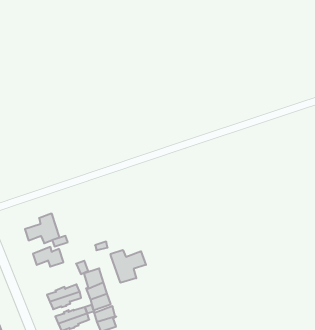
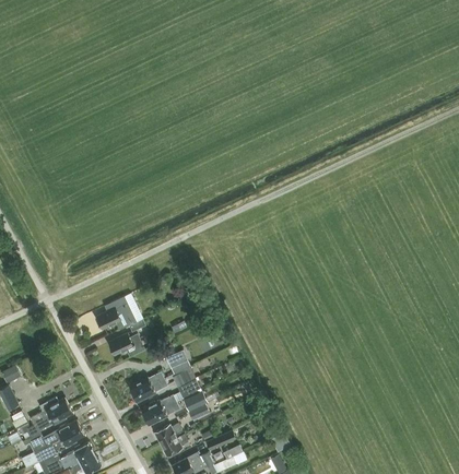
building: [111,250,146,283] -> none

